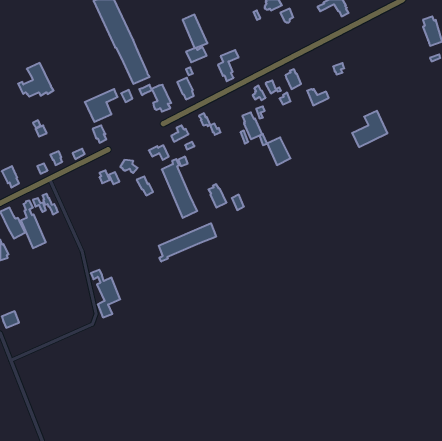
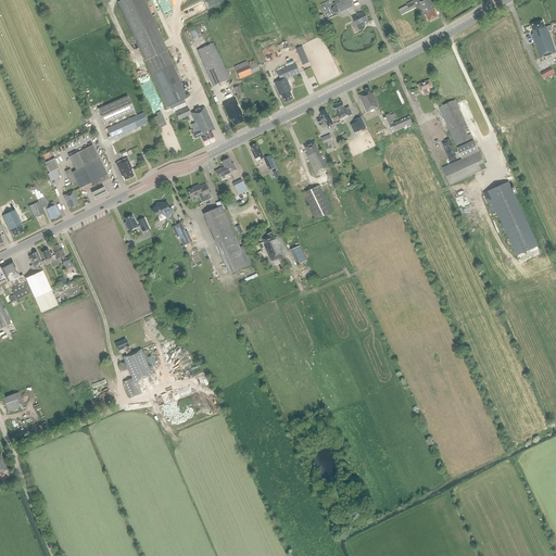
building: [183,15,208,48] -> [198,42,229,85]
building: [18,63,54,97] -> [65,144,110,187]
building: none -> [98,94,135,123]
building: none -> [439,99,472,144]
building: [267,137,291,165] -> [303,185,332,219]
building: none -> [483,181,536,254]
building: [159,223,216,262] -> none

